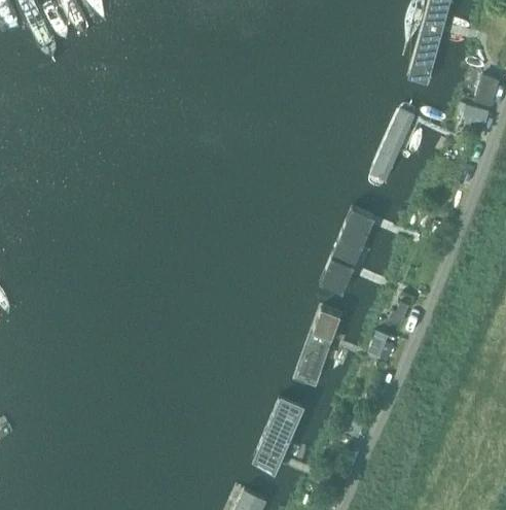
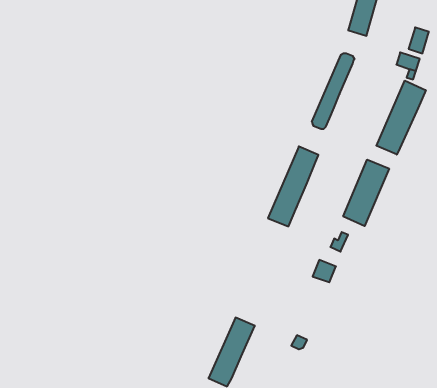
building: none -> [376,81,426,155]
building: none -> [343,160,389,226]
building: [292,311,339,389] -> none

